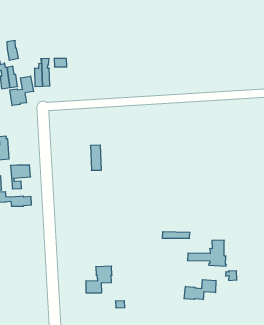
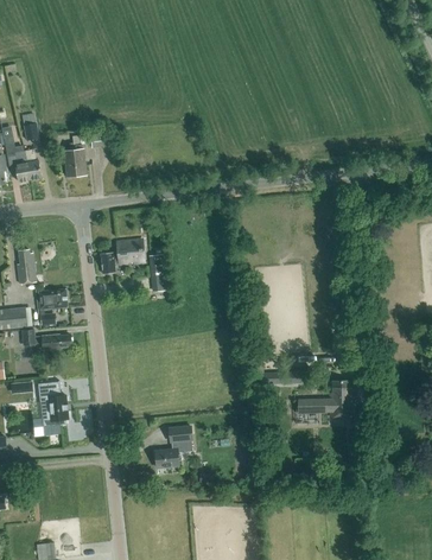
building: [10,76,34,106] -> none
building: none -> [100,241,142,274]
building: none -> [37,381,68,427]
building: [184,280,216,300] -> none

